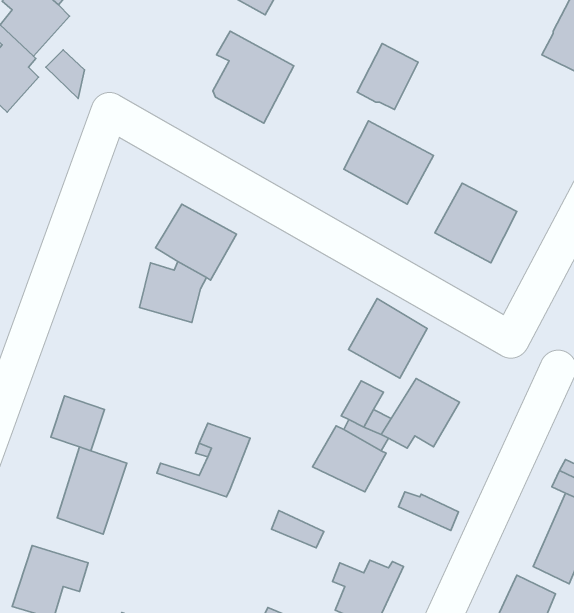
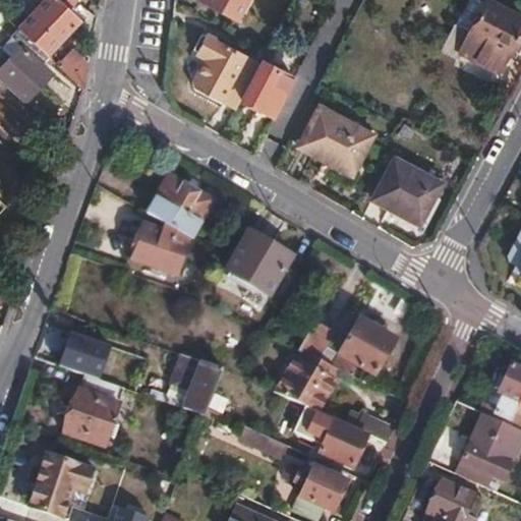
building: [357,44,418,110] -> [244,61,294,115]
building: [349,299,427,378] -> [226,228,290,293]
building: none -> [312,419,365,464]

